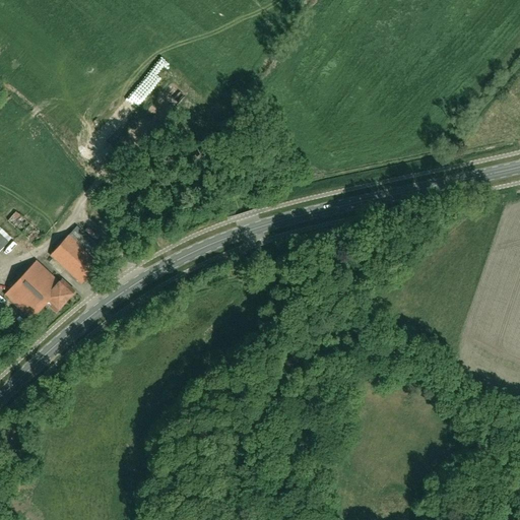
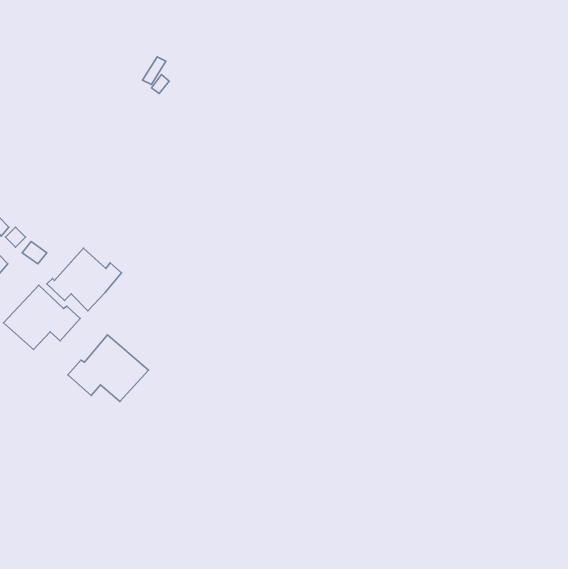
building: none -> [68,335,148,401]

